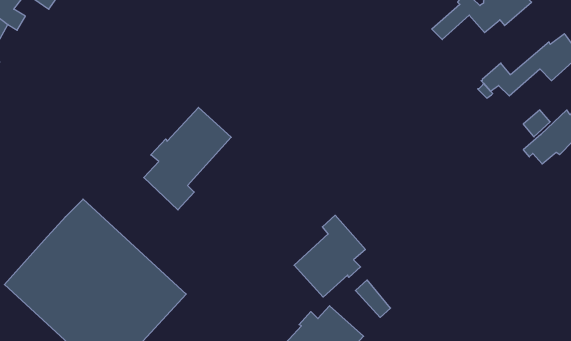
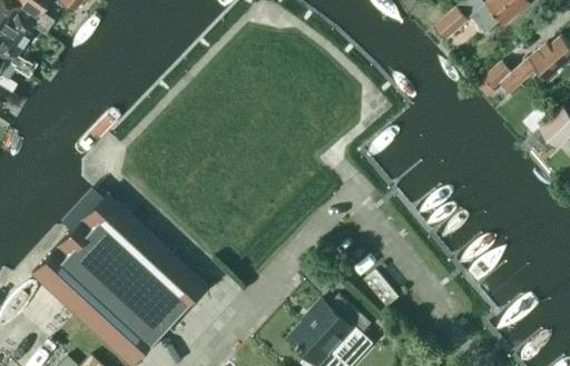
building: [144,107,231,210] -> none
building: [294,215,365,297] -> none

